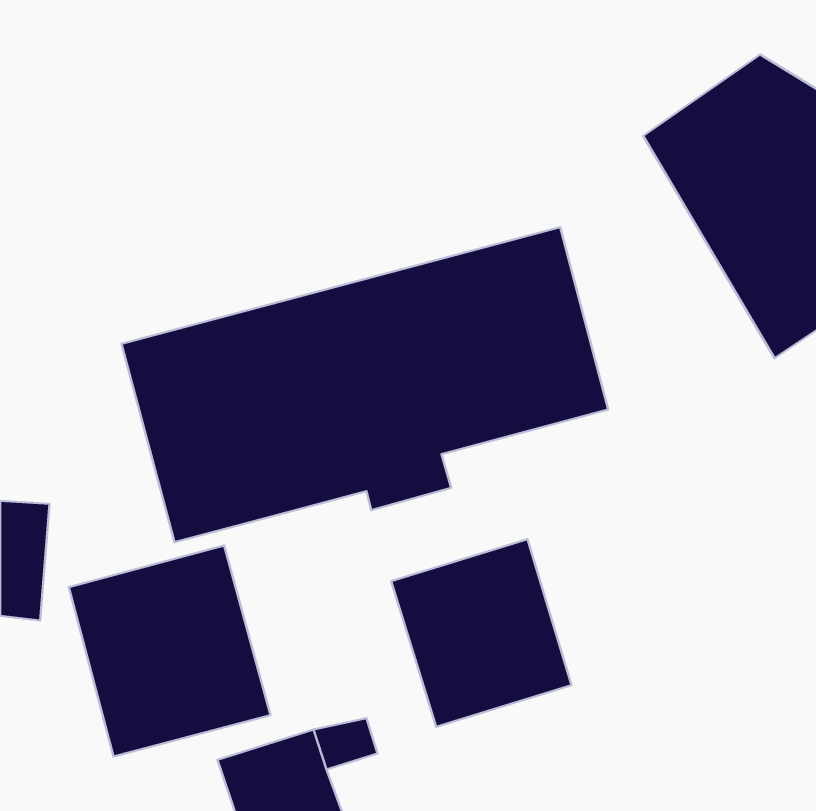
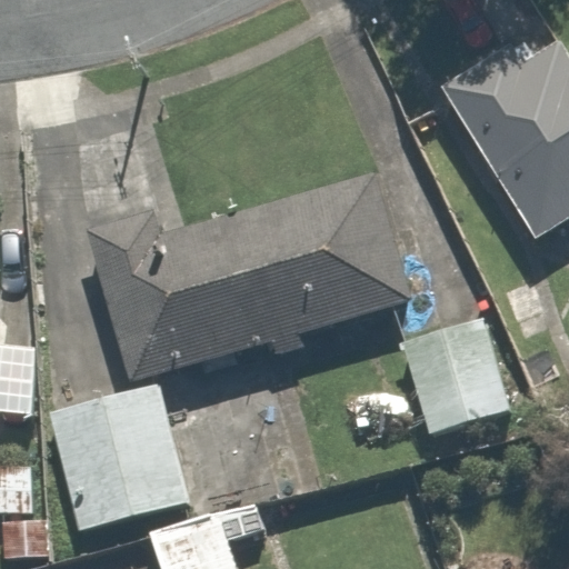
building: none -> [401,317,510,435]
building: [391,539,572,727] -> none

